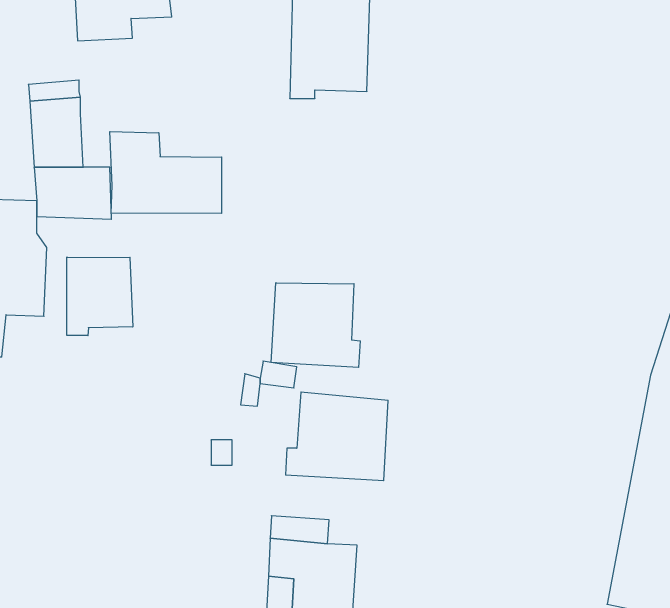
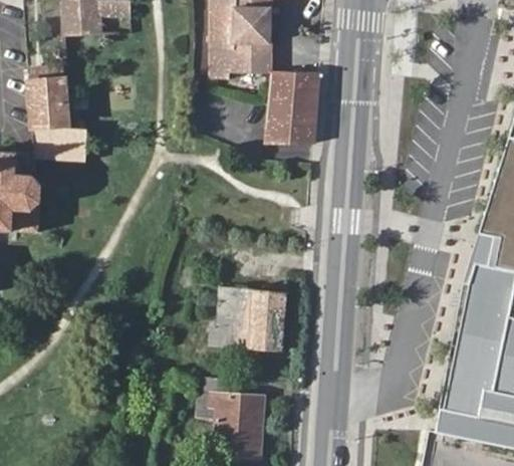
building: none -> [266,71,317,144]
building: [110,132,222,213] -> none
building: [67,257,133,336] -> none
building: [271,283,360,367] -> none

